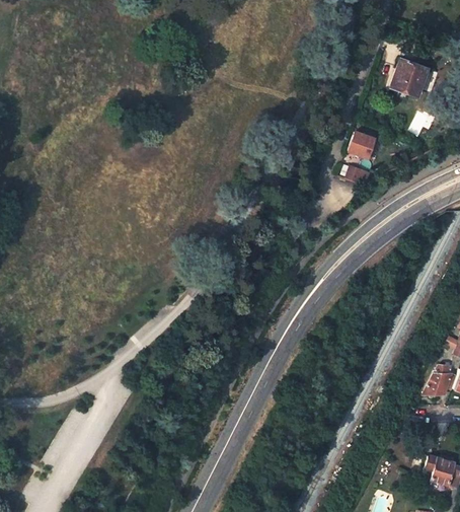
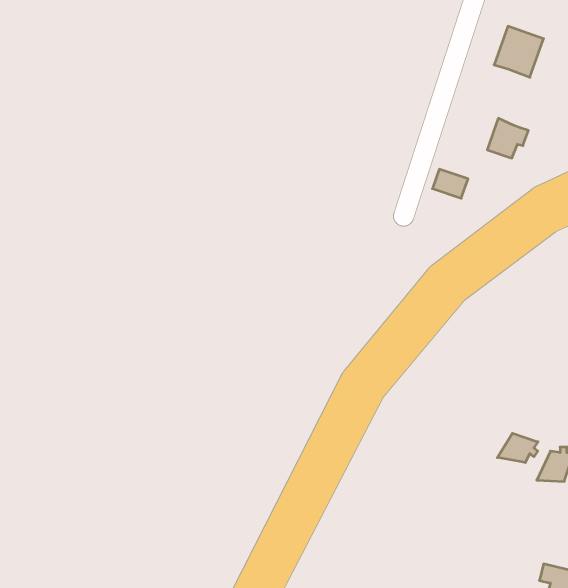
building: [350,129,380,158] -> [487,118,528,158]
building: none -> [497,433,538,463]

